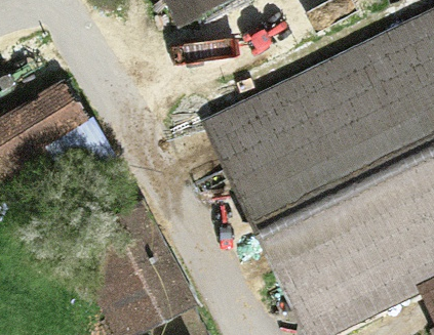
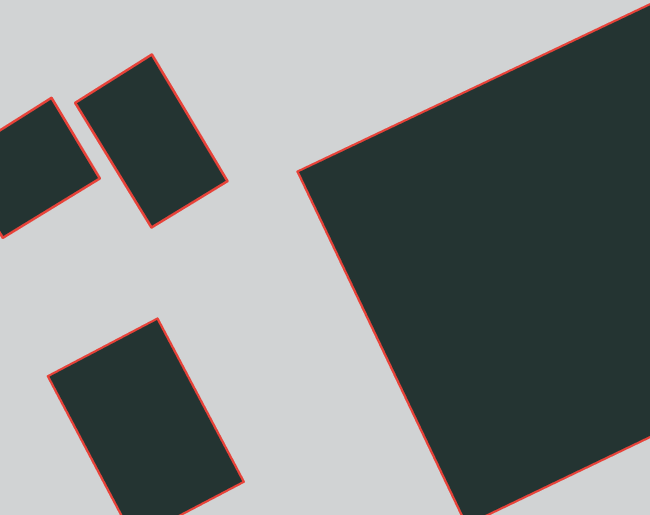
building: none -> [75,55,228,227]

